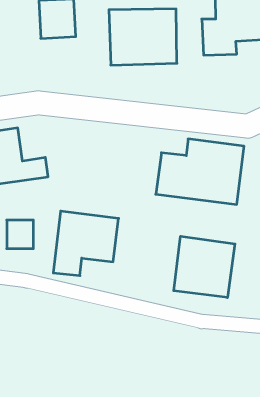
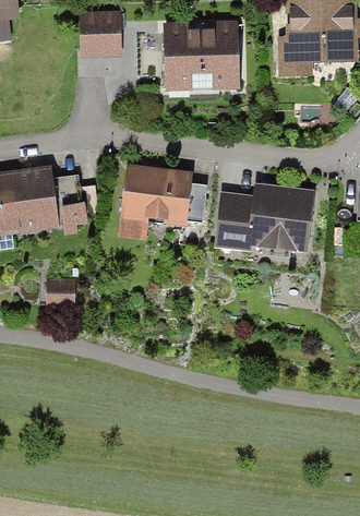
building: [53,211,119,276] -> [117,165,194,241]
building: [174,236,235,298] -> none

